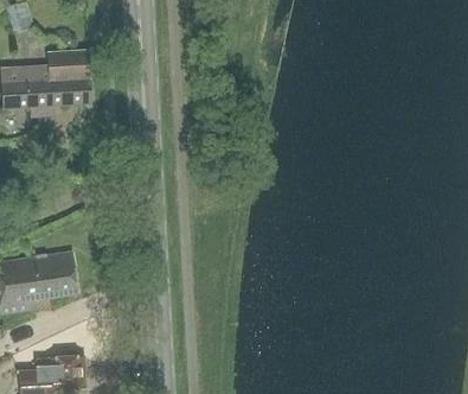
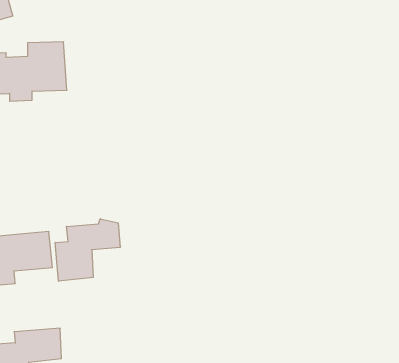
building: none -> [55,219,120,281]

